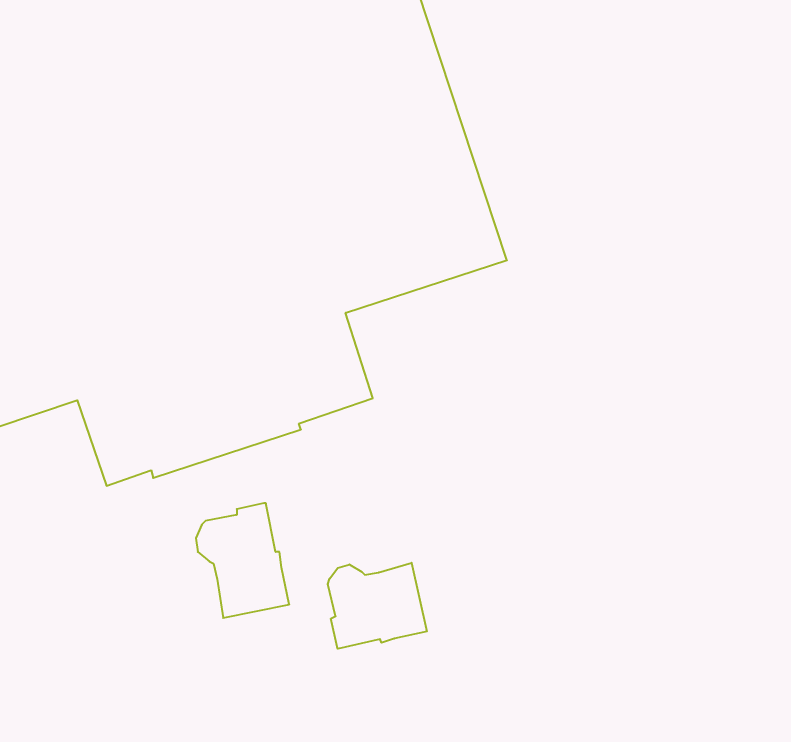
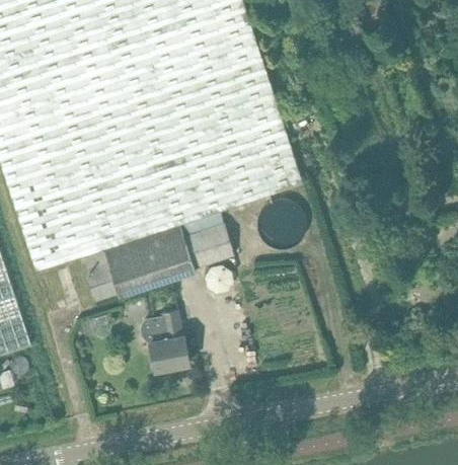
building: [328,563,427,649] -> none

